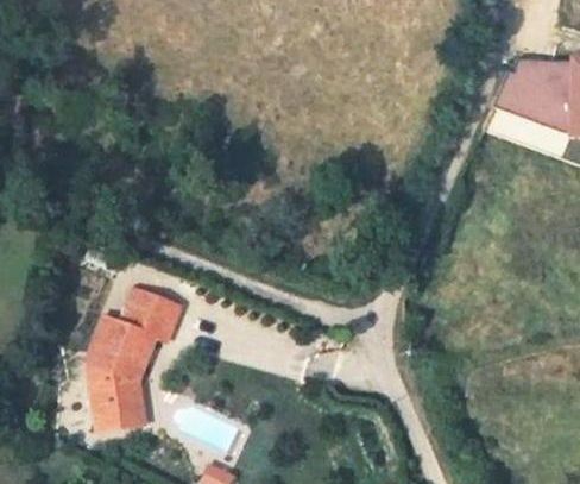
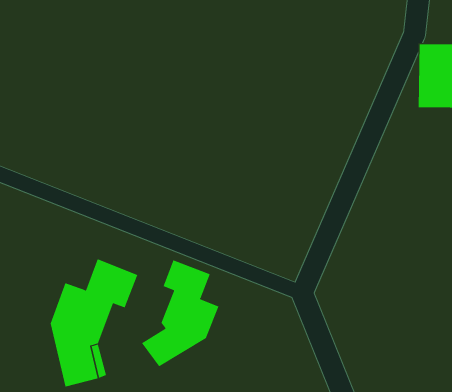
building: none -> [141,260,219,367]

